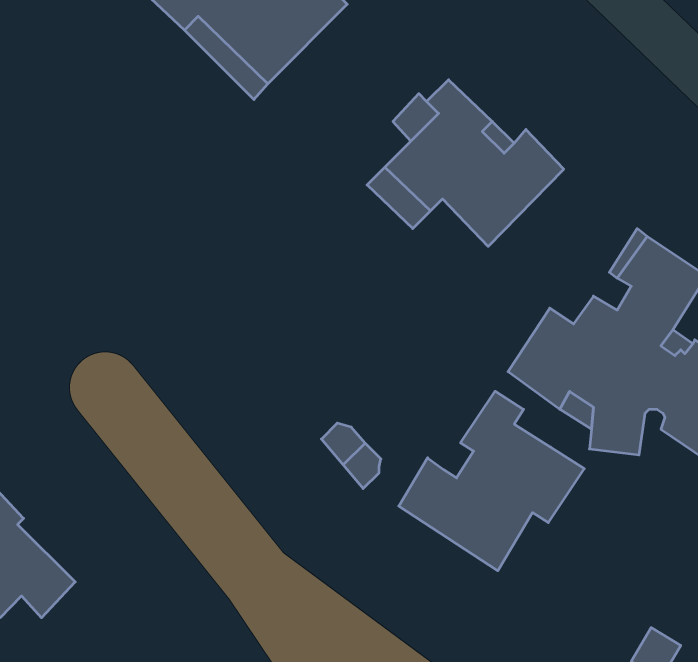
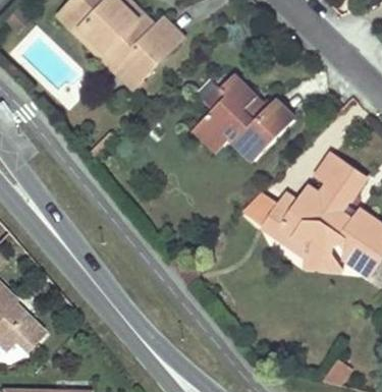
building: [399,391,584,571] -> none

